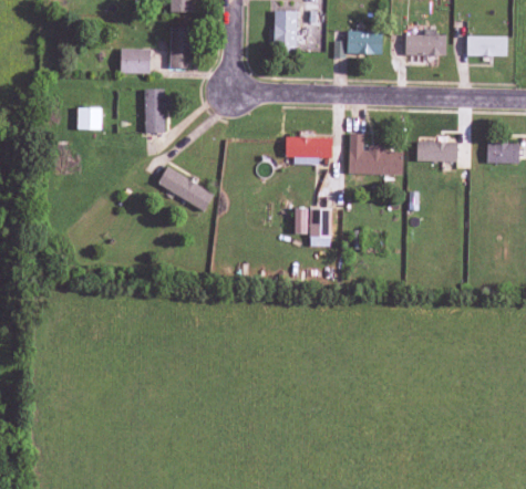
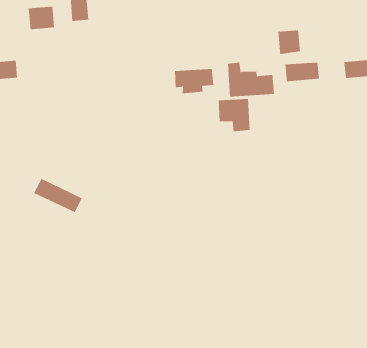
building: [145,87,167,133] -> none
building: none -> [278,29,300,55]
building: [157,166,215,210] -> [33,178,82,213]
building: [295,207,332,246] -> [218,98,251,132]

